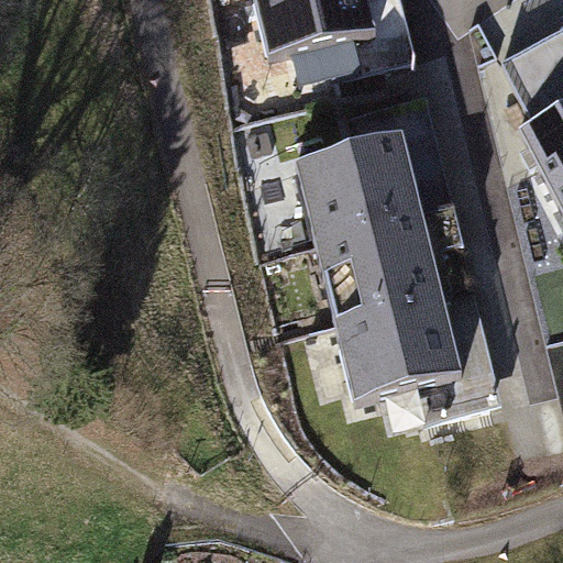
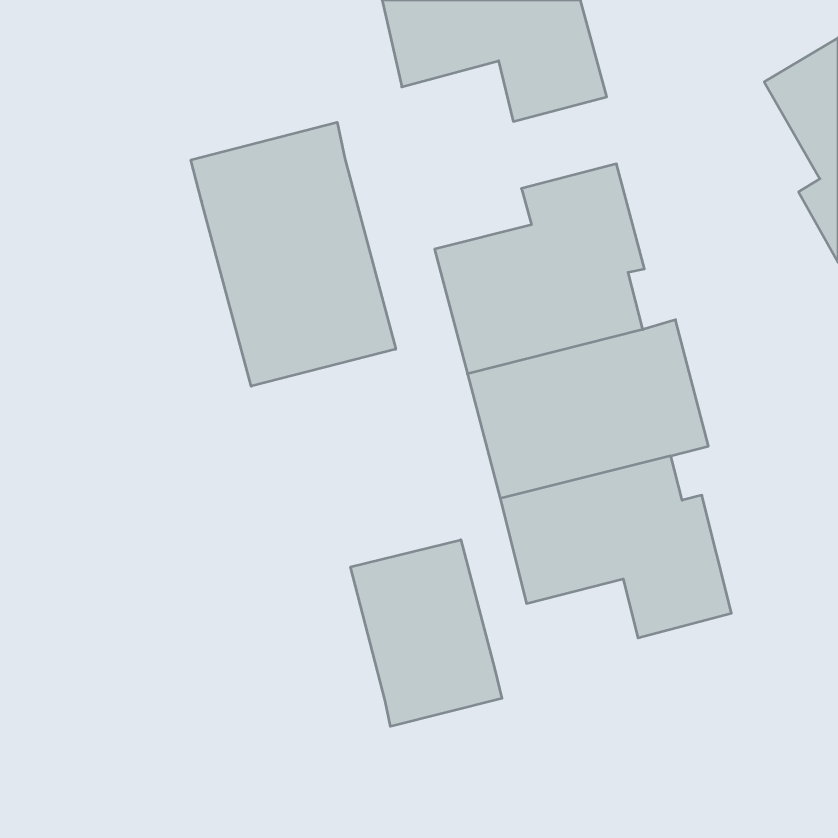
building: none -> [191,122,396,386]
building: none -> [351,540,502,726]

